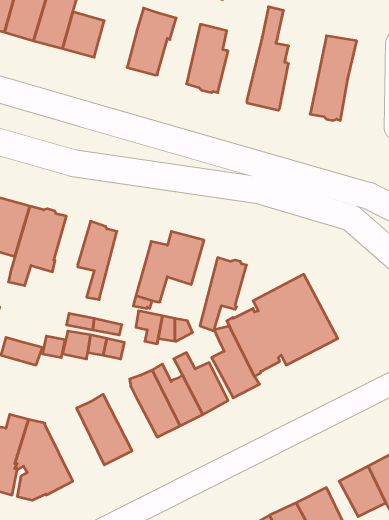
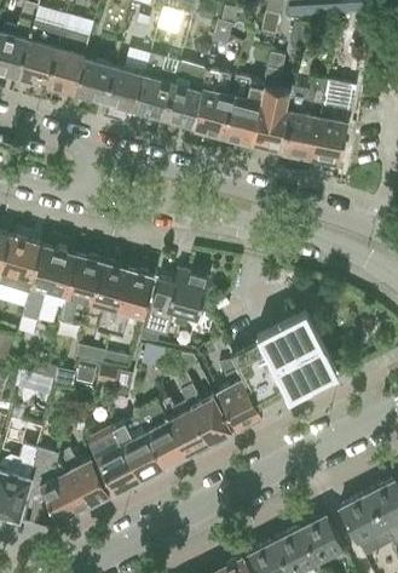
building: none -> [163,64,204,127]
building: none -> [103,67,144,111]
building: none -> [221,76,264,143]
building: none -> [281,78,325,156]
building: none -> [59,254,99,325]
building: [200,258,247,331] -> [108,269,152,339]
building: none -> [111,416,163,480]
building: none -> [56,442,109,509]

